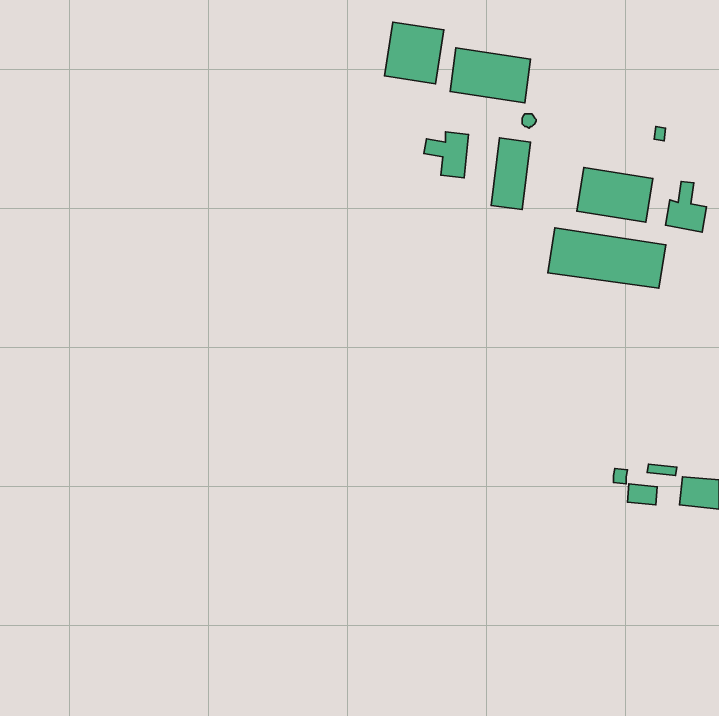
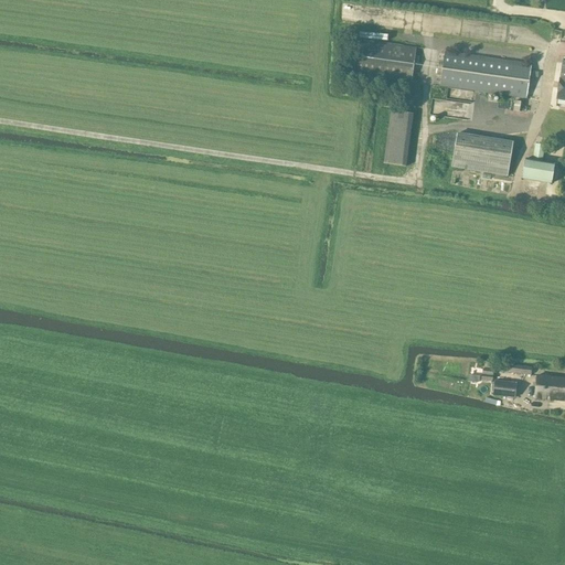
building: [385,22,444,84] -> none
building: [424,132,469,178] -> none
building: [548,228,666,288] -> [439,50,532,97]

